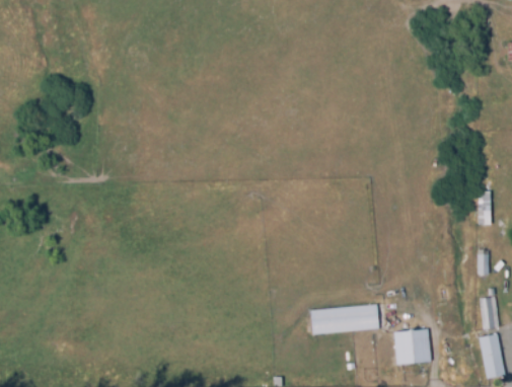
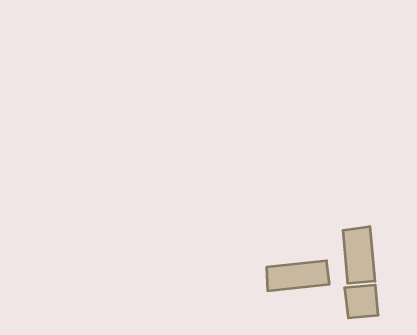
building: none -> [343,226,375,283]

